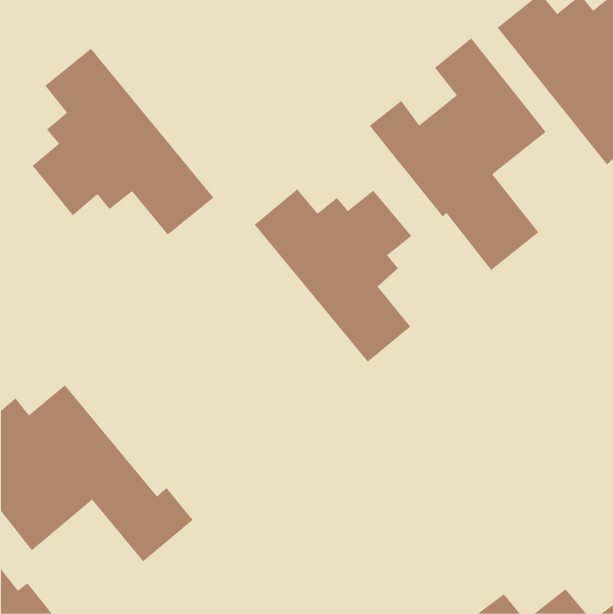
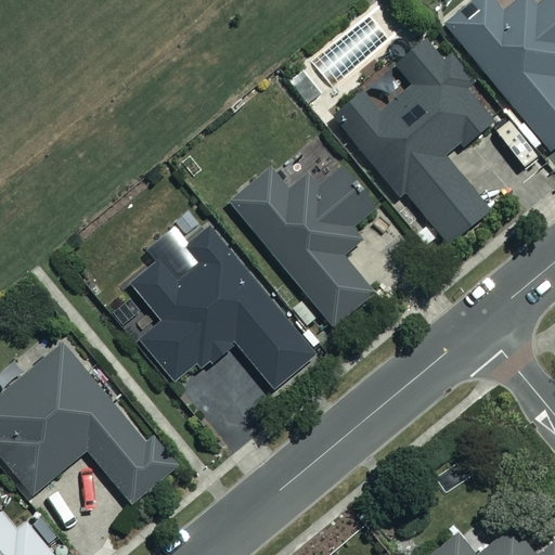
building: [32,48,214,235] -> none
building: none -> [131,227,317,390]

